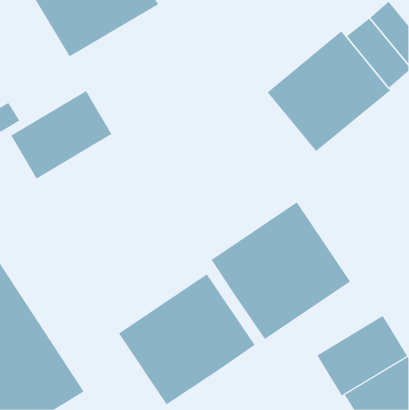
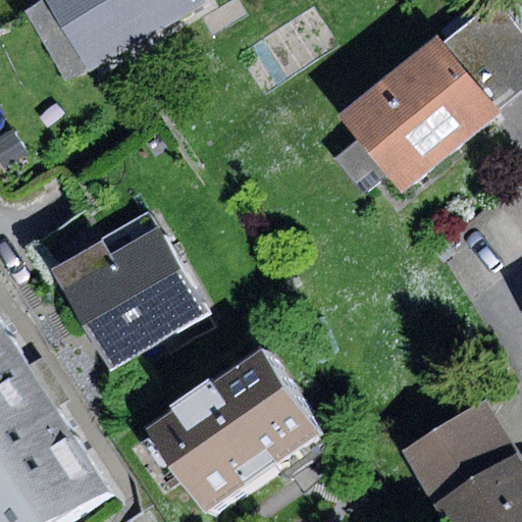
building: [10,90,112,179] -> none
building: none -> [52,213,208,370]
building: [211,202,351,340] -> none

